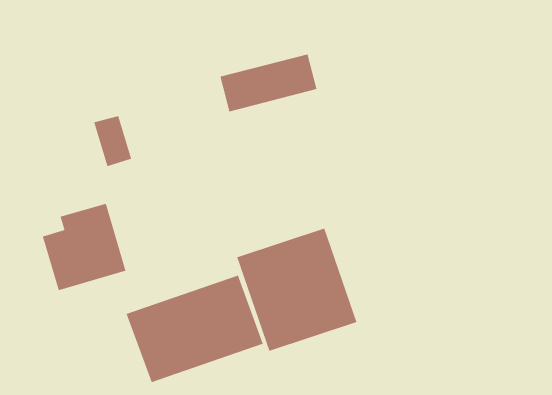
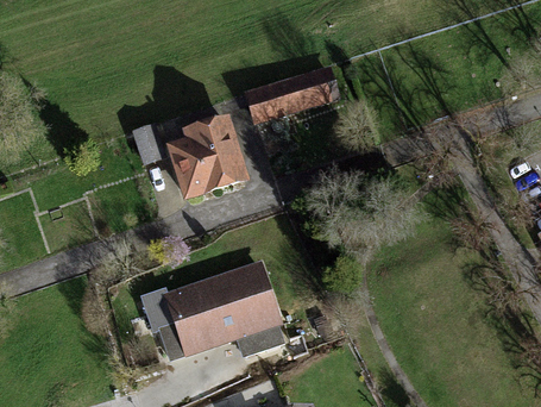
building: [42,203,127,291] -> [168,107,243,186]
building: [236,228,357,352] -> none

